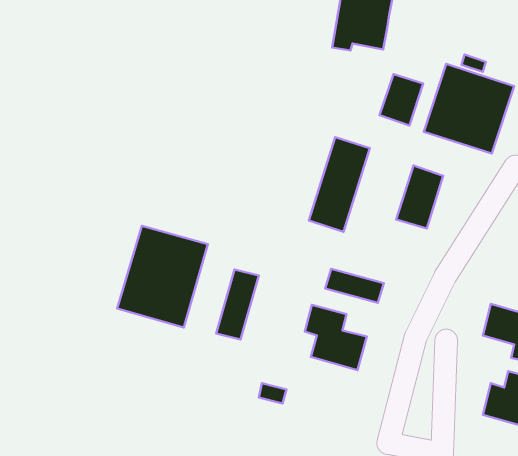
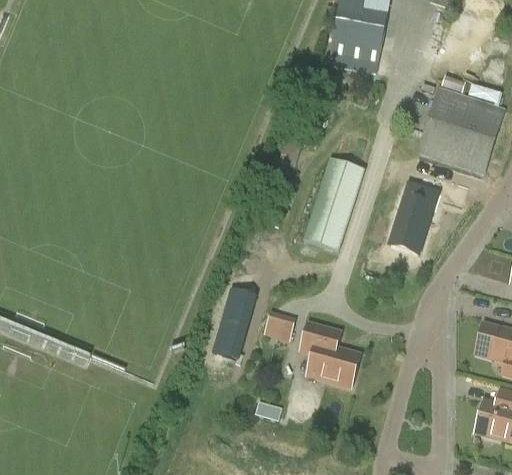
building: [379,74,423,126] -> none
building: [117,226,208,328] -> none
building: [325,269,384,303] -> none
building: none -> [264,308,296,339]

